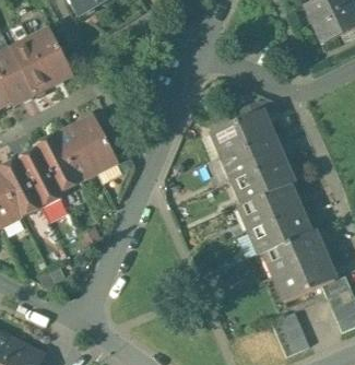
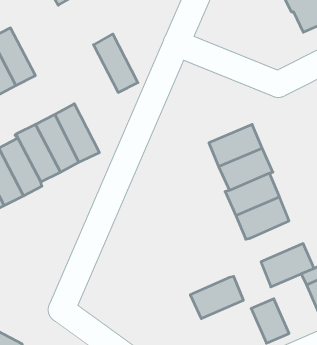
building: [28,25,73,84] -> [93,34,138,92]
building: [217,108,272,152] -> none
building: [270,229,323,272] -> [190,276,243,319]

